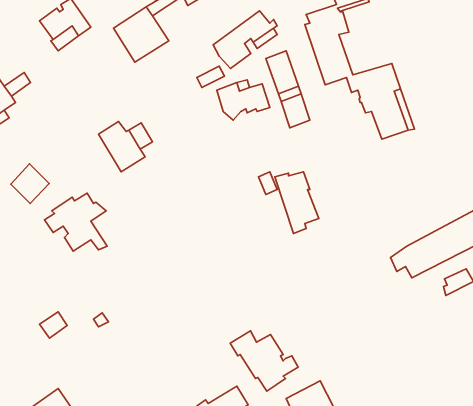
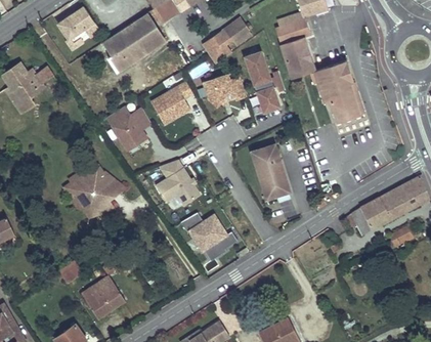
building: none -> [104,32,137,73]
building: none -> [152,82,193,125]
building: [11,164,49,204] -> none
building: none -> [155,160,199,203]
building: none -> [82,276,126,319]
building: [230,331,298,391] -> [182,212,238,261]

